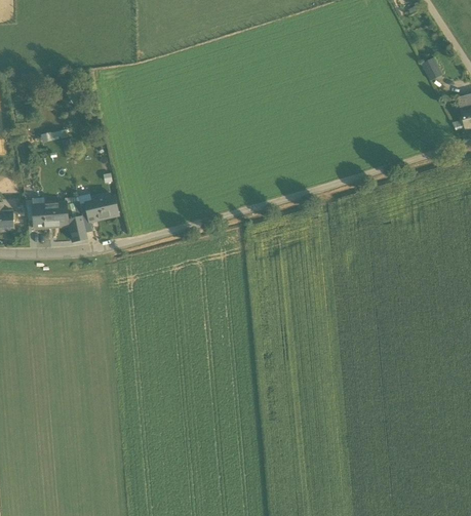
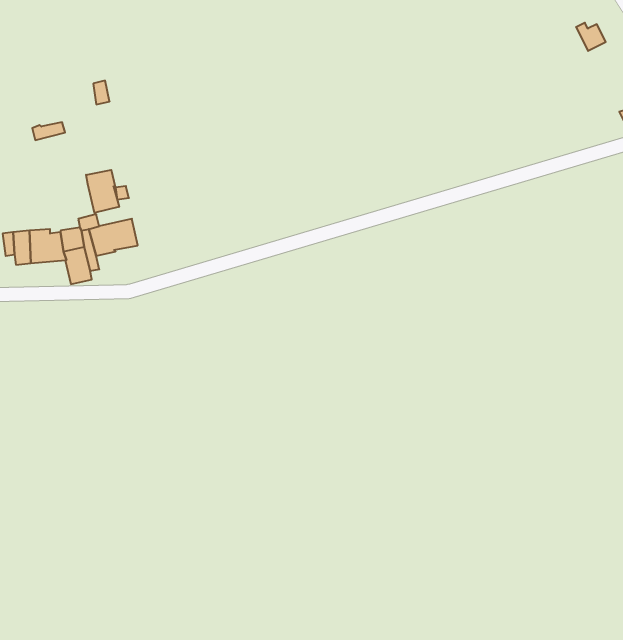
building: none -> [86,170,119,213]

